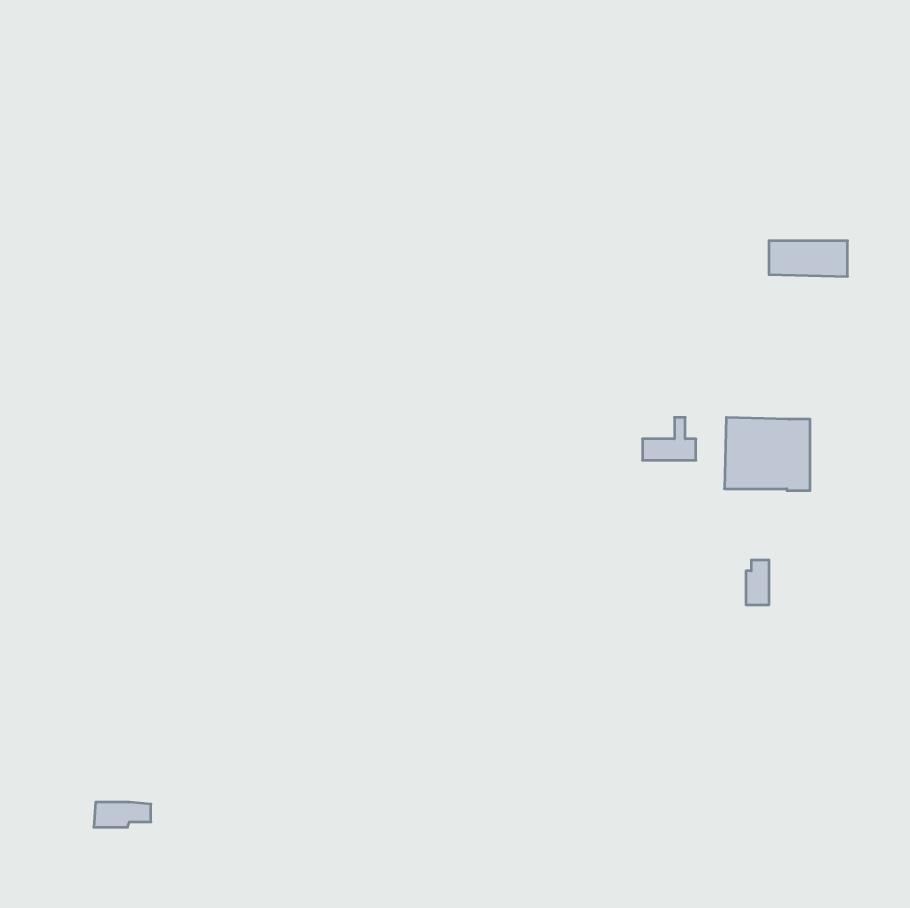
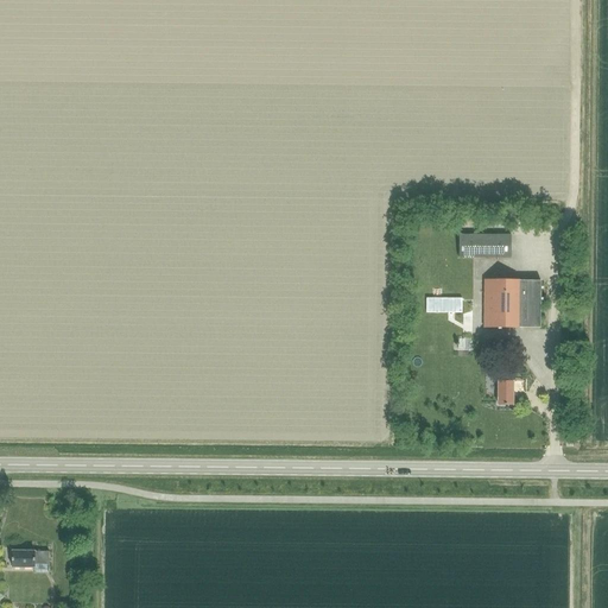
building: [769,241,848,276] -> [457,233,509,256]
building: [94,802,151,827] -> [11,549,49,565]

